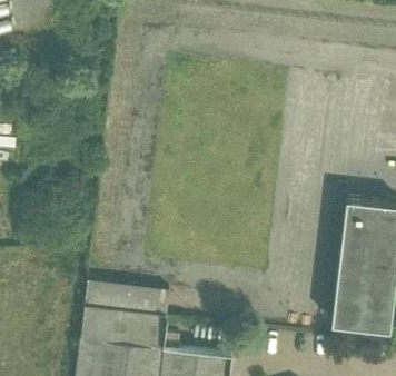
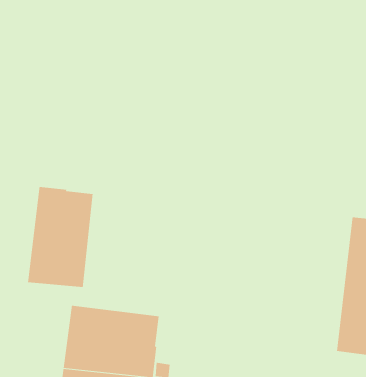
building: none -> [27,186,93,288]

